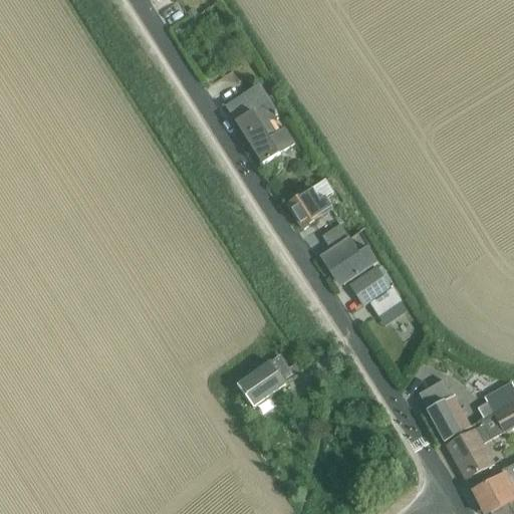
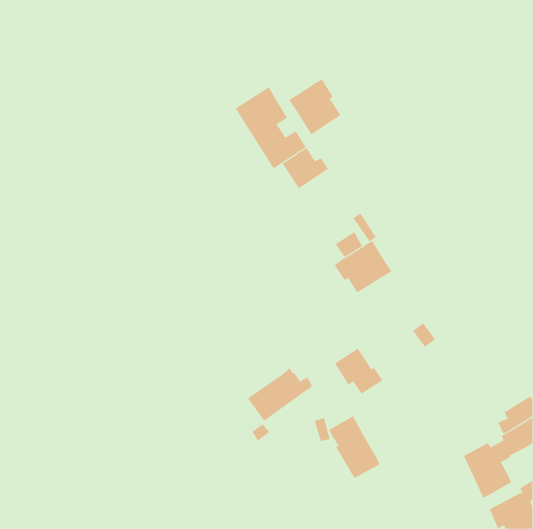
building: none -> [289,79,341,135]
building: [288,187,333,227] -> [282,147,329,189]
building: [351,267,399,312] -> [334,348,383,395]
building: [420,378,470,440] -> [328,415,380,479]

